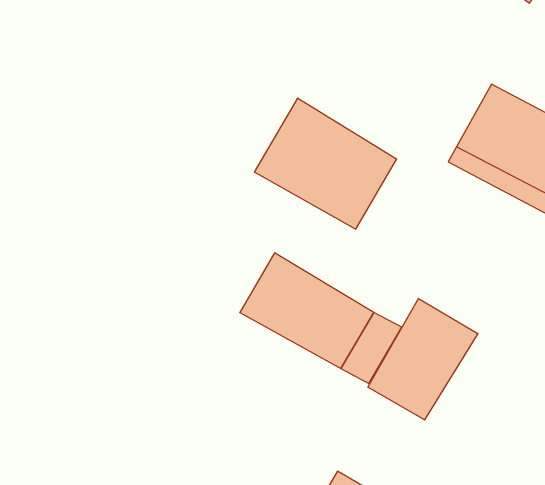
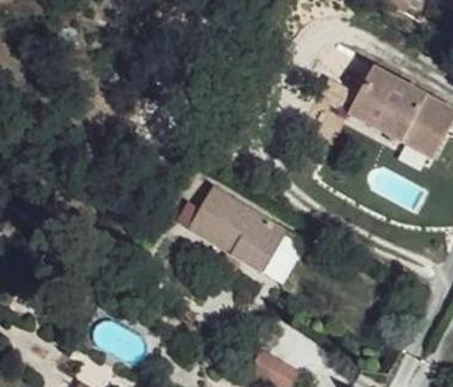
building: [255,98,396,229] -> none
building: [368,298,478,420] -> none

